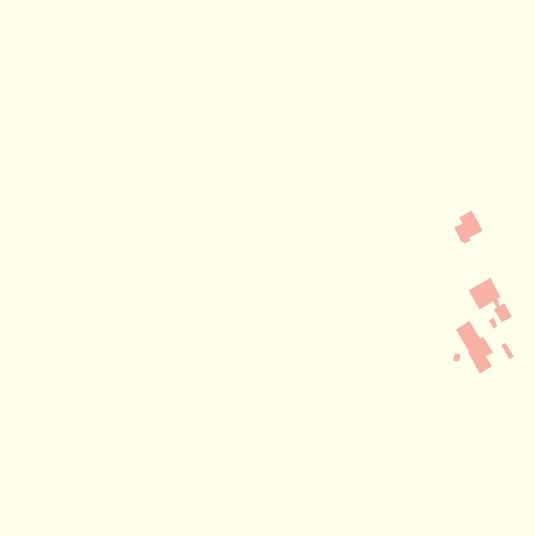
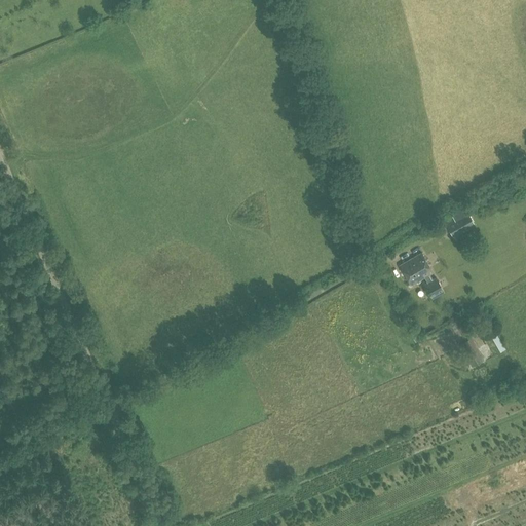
building: [468,277,513,323] -> [399,252,443,297]

